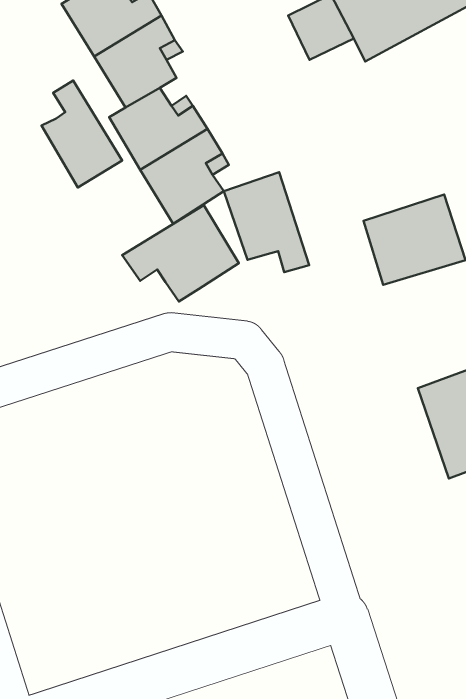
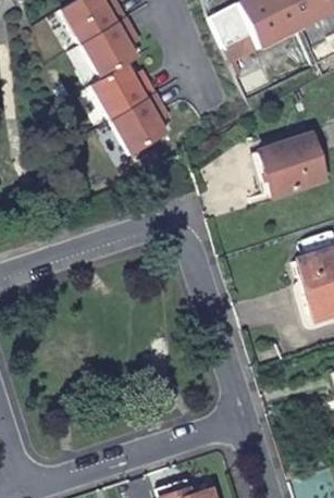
building: [41,81,122,188] -> none
building: [224,172,309,272] -> none
building: [122,205,239,301] -> none

